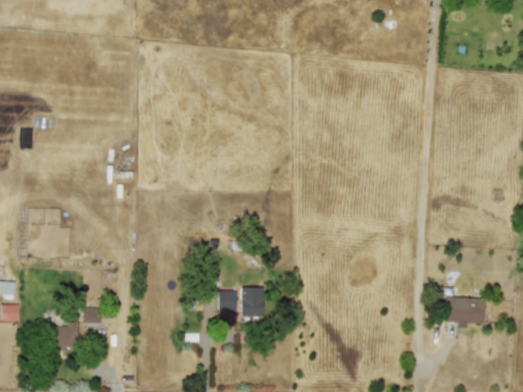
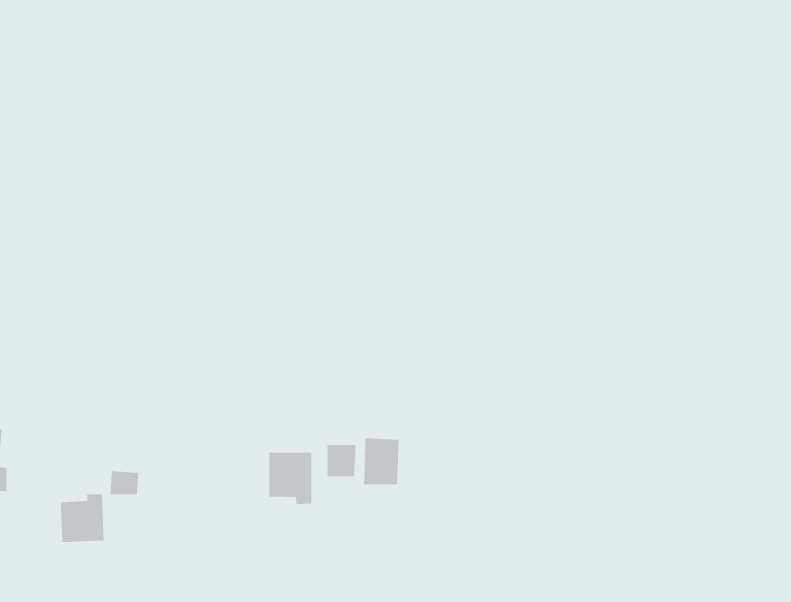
building: none -> [268,452,312,505]
building: [446,297,486,327] -> none

